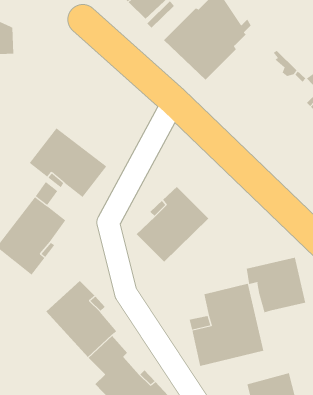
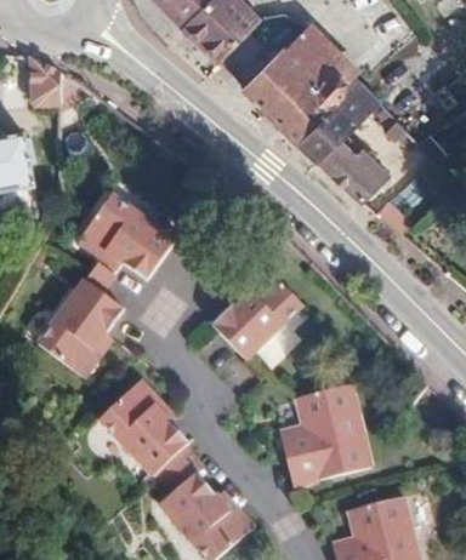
building: none -> [296,68,391,199]
building: [246,257,306,313] -> none

